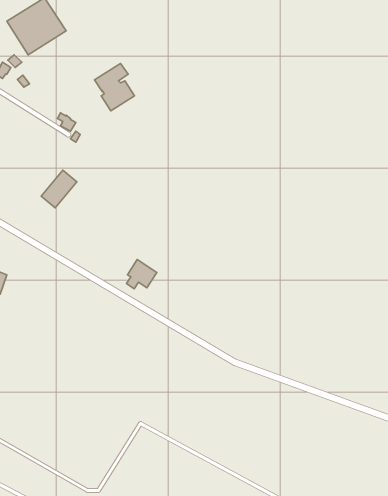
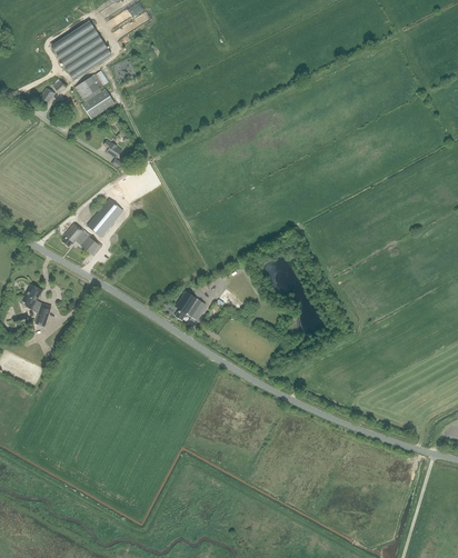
building: [95,64,135,111] -> [74,70,116,119]
building: none -> [62,223,102,256]

